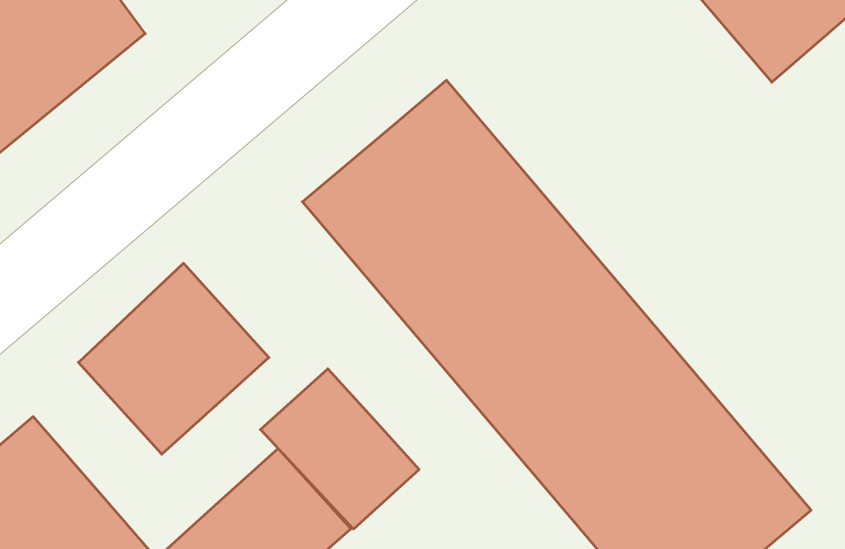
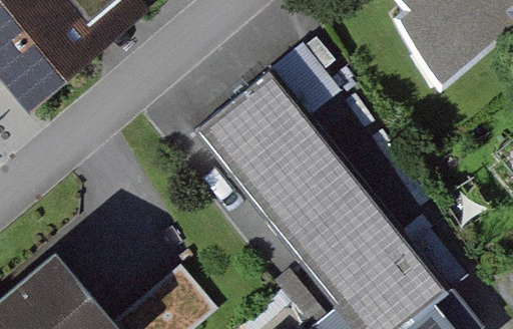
building: [78,263,269,454] -> none
building: [260,369,419,529] -> none

